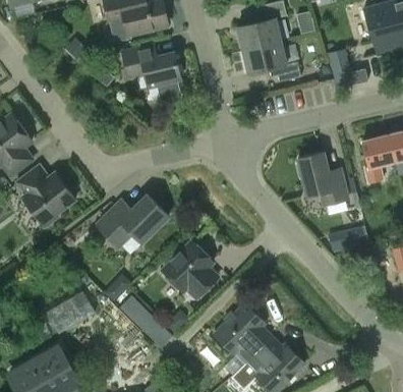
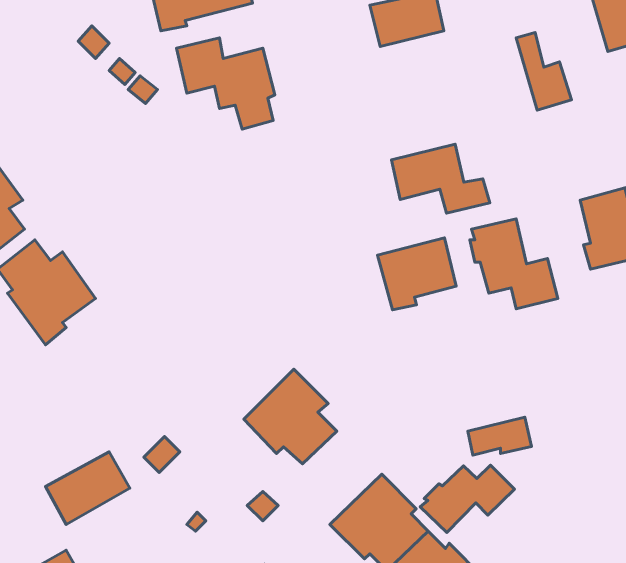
building: [243,42,301,82] -> [391,144,490,213]
building: none -> [377,238,456,310]
building: [97,194,169,244] -> none
building: [328,226,365,248] -> [468,417,532,455]
building: [118,292,171,346] -> none
building: none -> [420,465,514,533]

